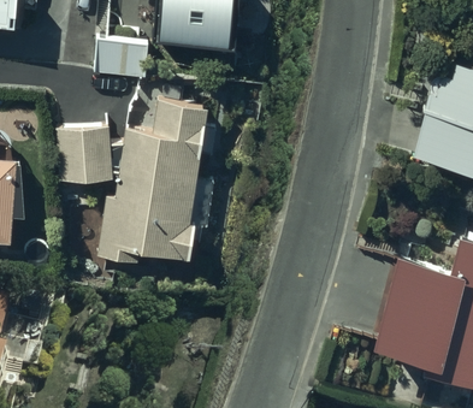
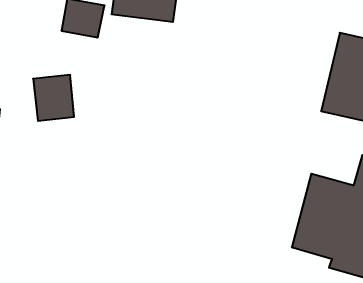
building: [110,106,207,273] -> none

